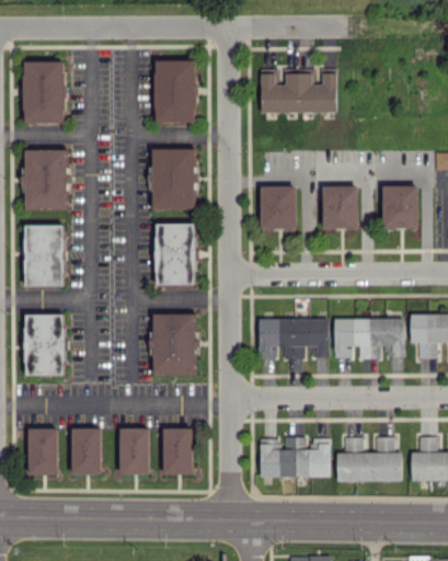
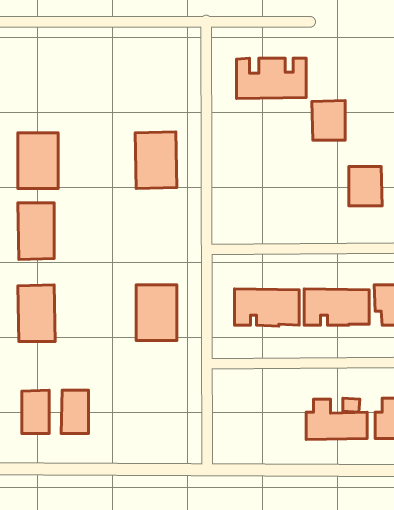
building: [23,61,65,124] -> none
building: [154,61,196,124] -> none
building: [261,186,296,230] -> none
building: [322,186,358,229] -> [312,101,345,140]
building: [154,224,196,286] -> none
building: [119,428,149,476] -> none
building: [163,428,193,476] -> none
building: [260,437,331,478] -> none

